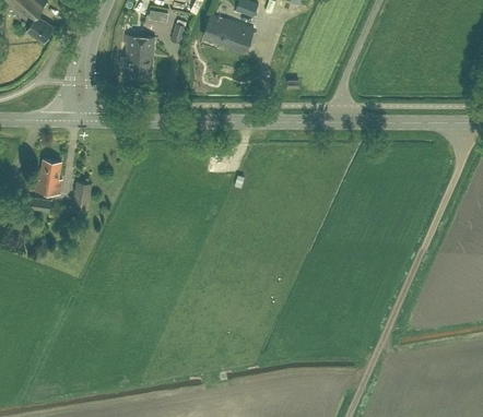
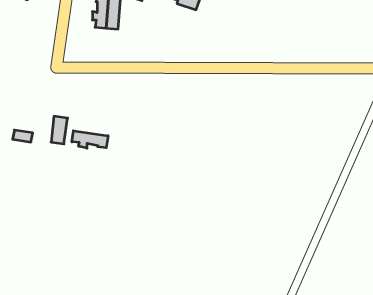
building: [34,159,61,195] -> none
building: none -> [72,131,108,148]

